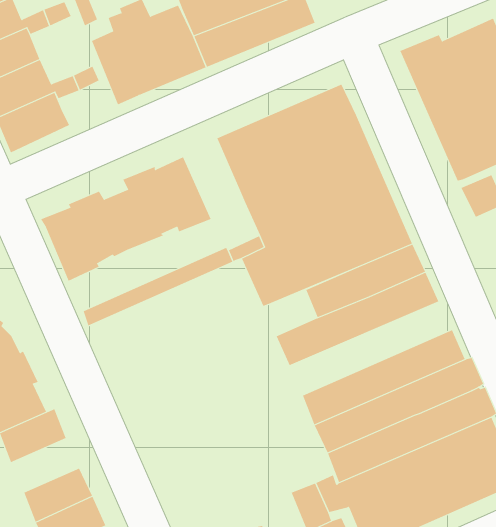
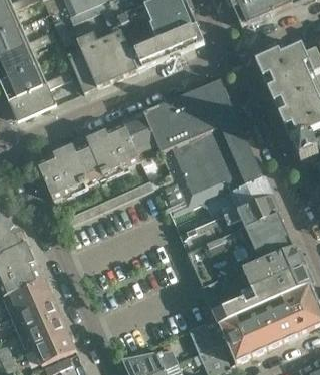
building: none -> [123,112,157,154]
building: none -> [188,213,287,270]
building: none -> [18,296,60,329]

